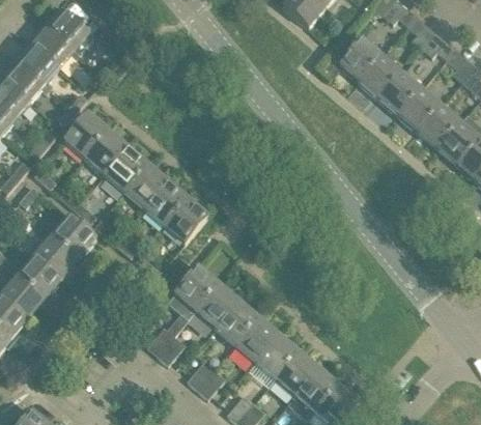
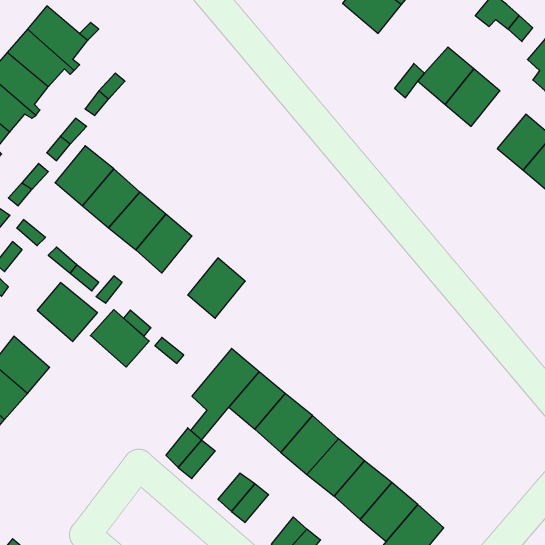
building: [379,70,421,114] -> none
building: [145,180,188,225] -> none
building: [33,236,78,280] -> [90,310,149,367]

